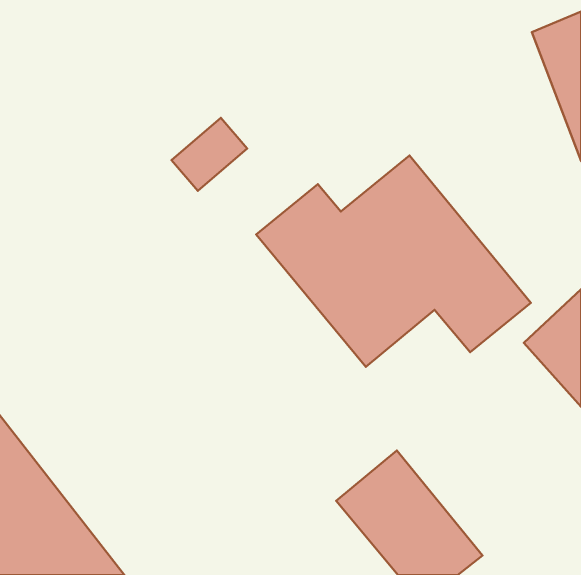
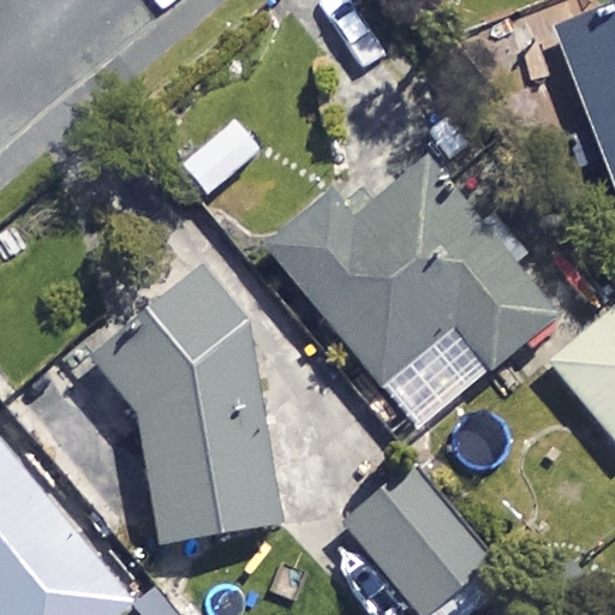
building: none -> [108,274,274,544]

